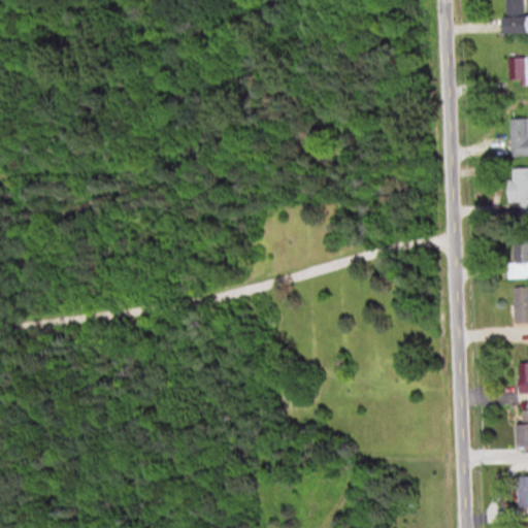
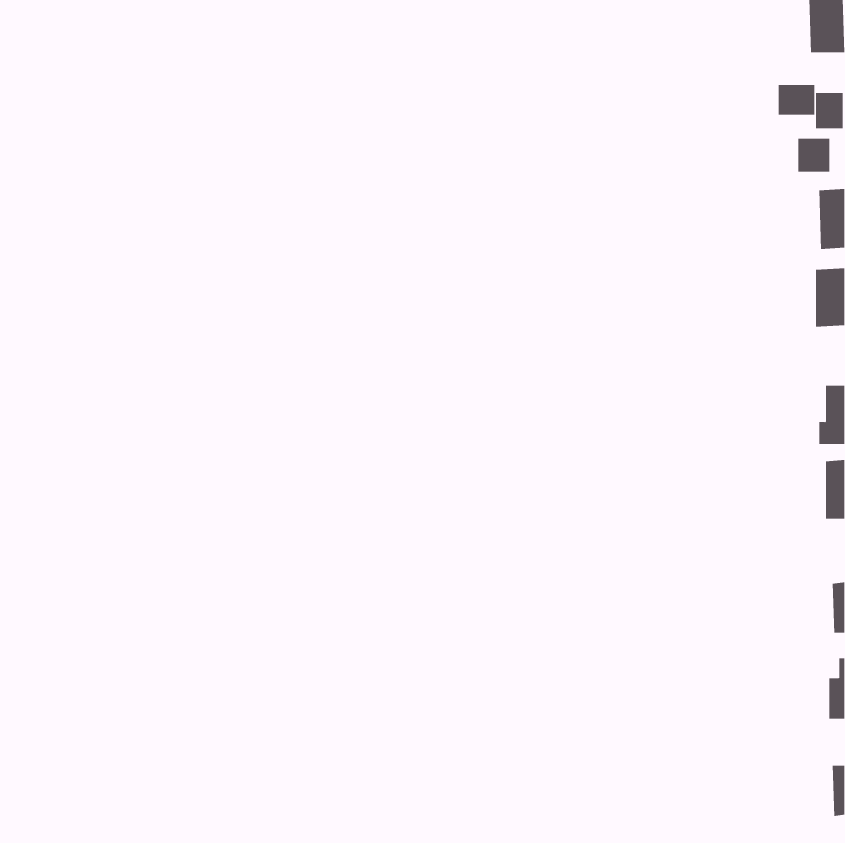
building: none -> [778,84,815,115]
building: none -> [798,138,830,173]

